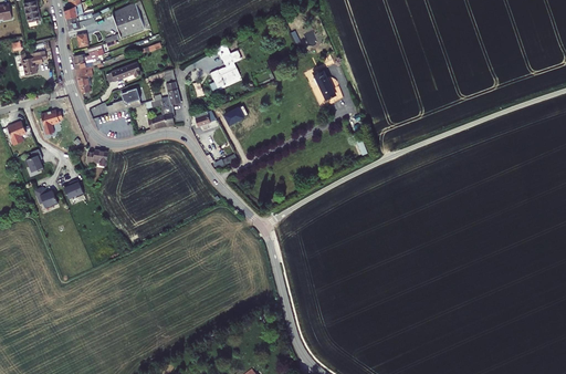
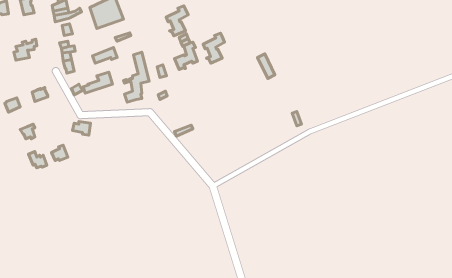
building: none -> [166,6,188,36]
building: none -> [203,33,225,63]

